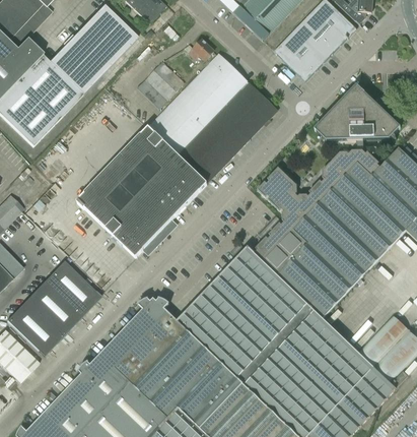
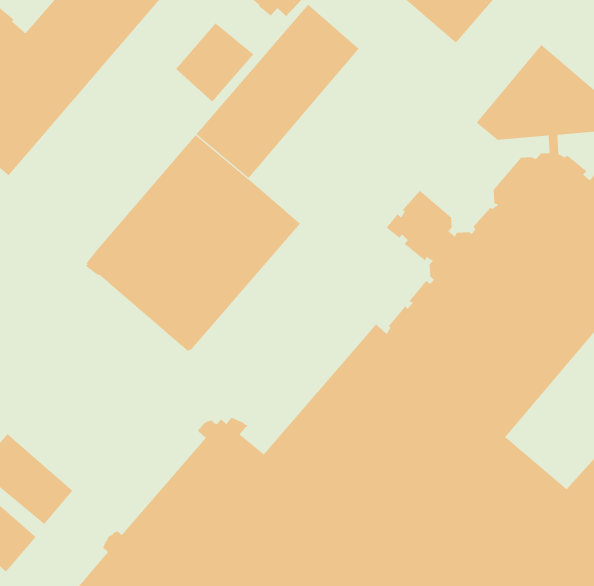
building: [178,81,278,184] -> none
building: [25,260,101,336] -> none

